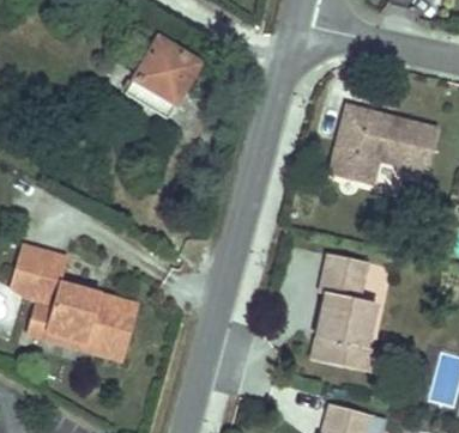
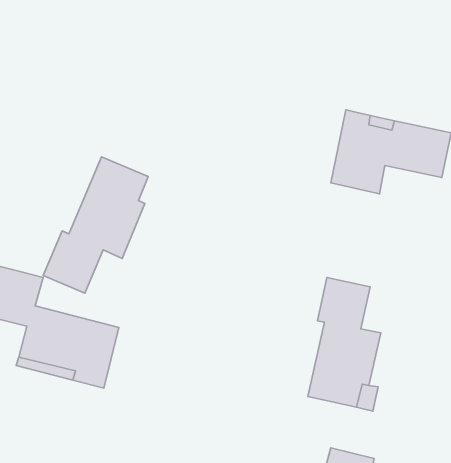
building: [128,36,204,114] -> none
building: none -> [43,157,148,293]

